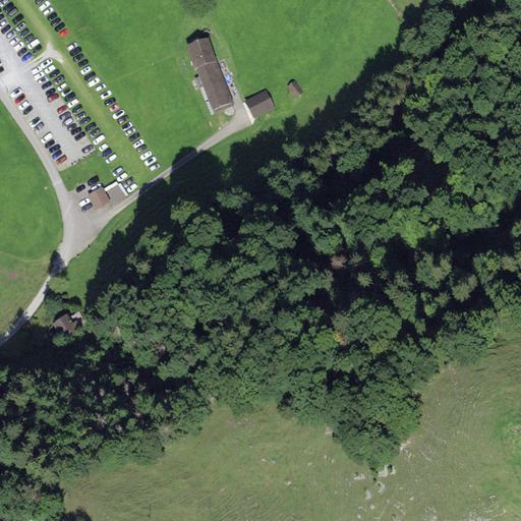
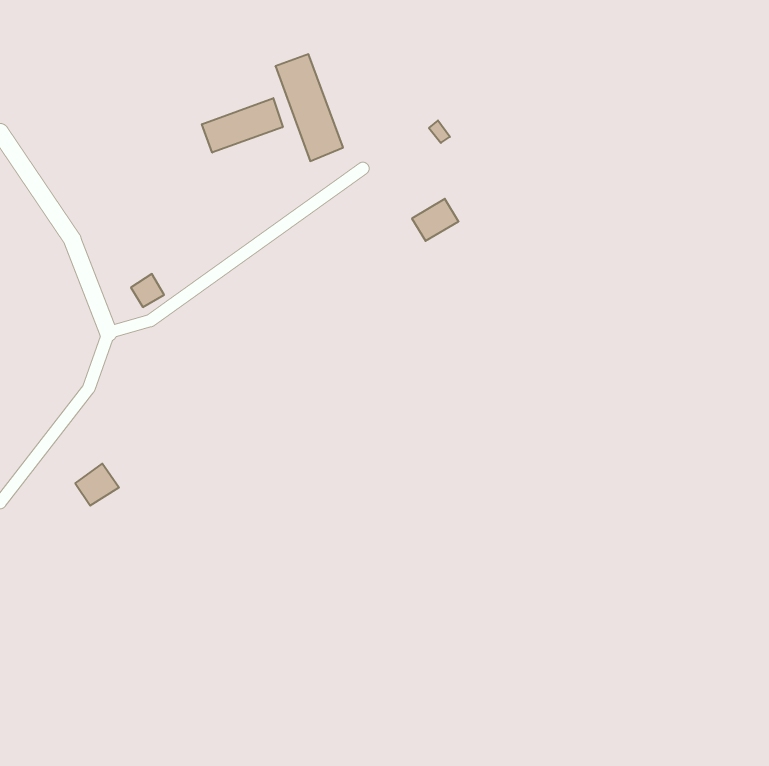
building: none -> [202,98,283,153]
building: [245,89,277,117] -> [412,199,459,241]

